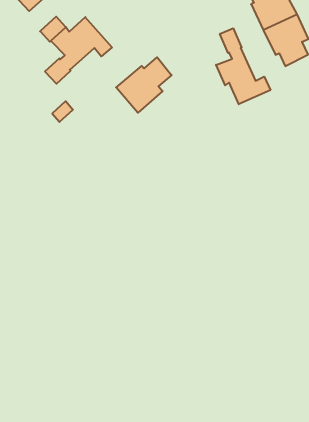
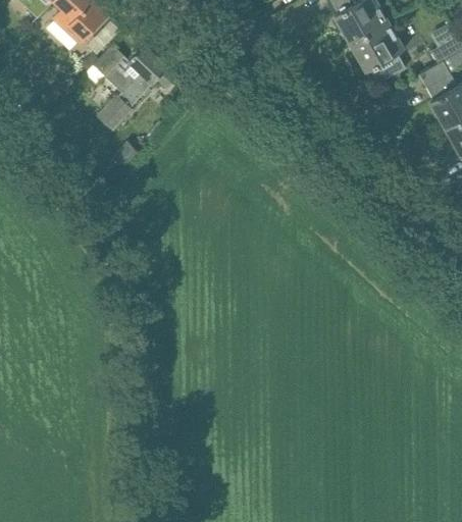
building: [216,28,270,104] -> none
building: [116,57,172,113] -> none

